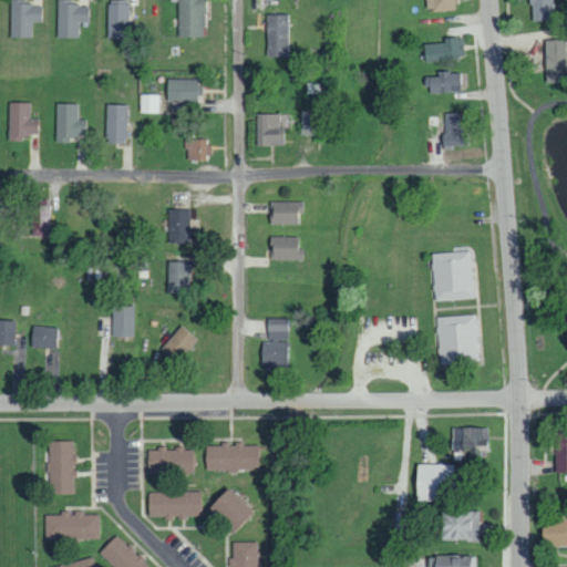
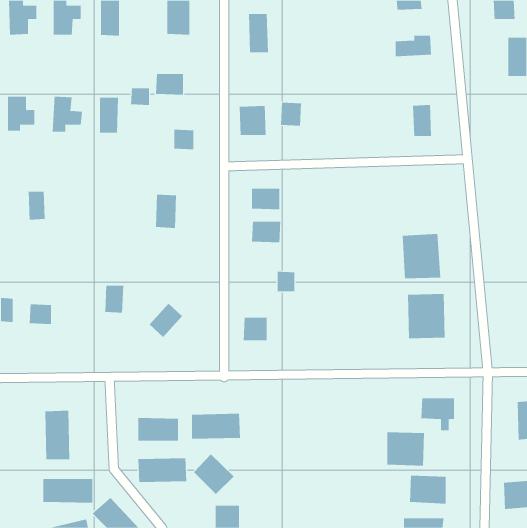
building: [429,73,461,93] -> none
building: [167,261,189,292] -> none
building: [268,317,288,339] -> [277,271,295,292]

